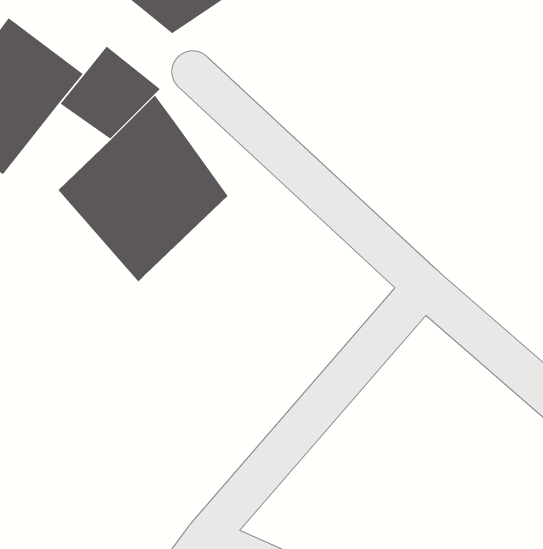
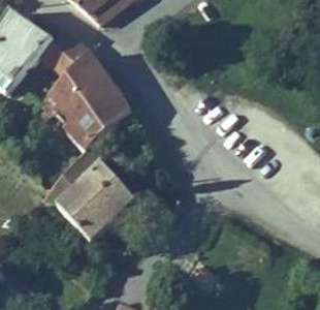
building: none -> [40,154,133,250]

